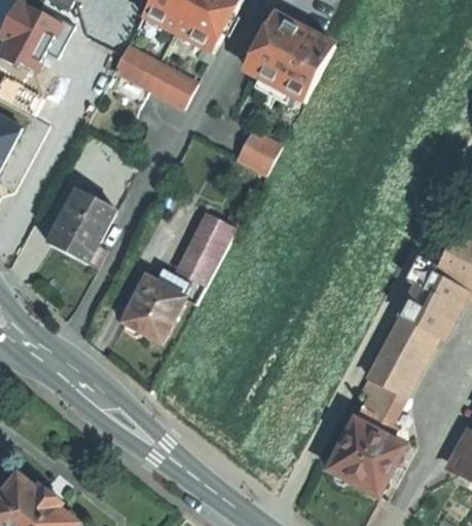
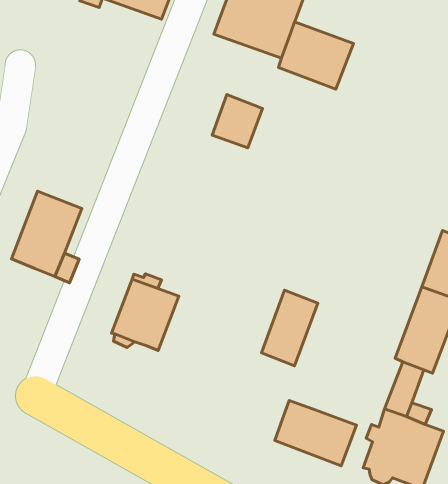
building: [112,42,197,106] -> none
building: none -> [279,22,353,89]
building: [180,215,235,283] -> [261,290,318,366]
building: none -> [275,401,356,466]

